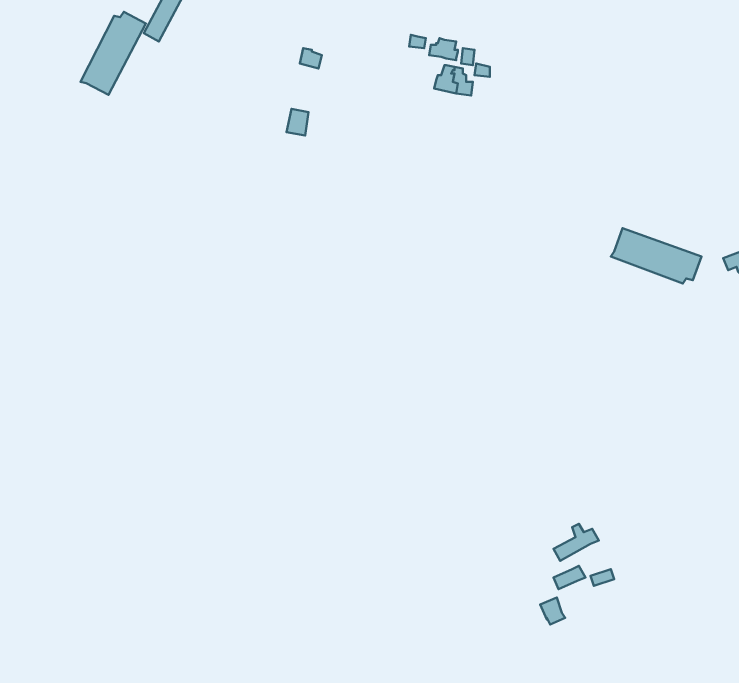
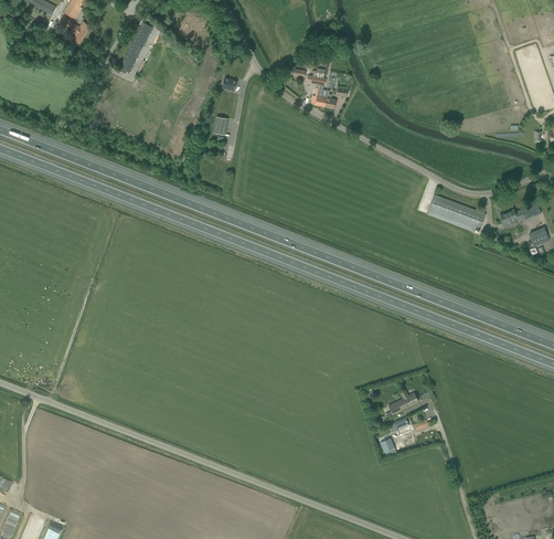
building: [80,12,146,95] -> none

